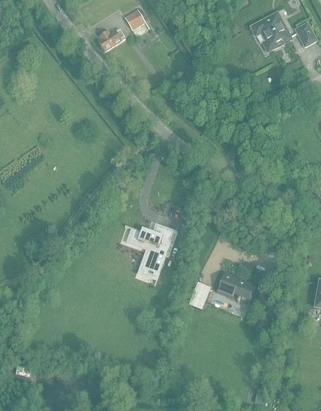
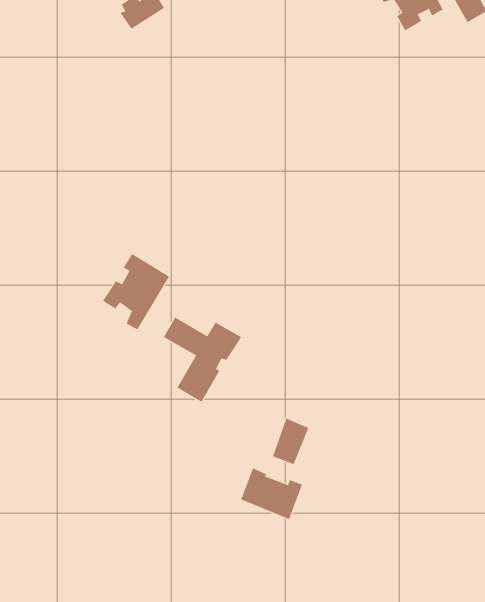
building: none -> [102,253,170,330]
building: [217,272,254,303] -> [241,468,303,520]

